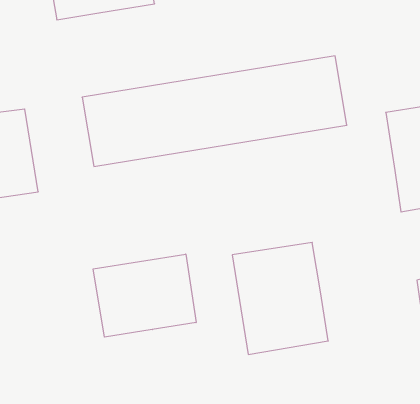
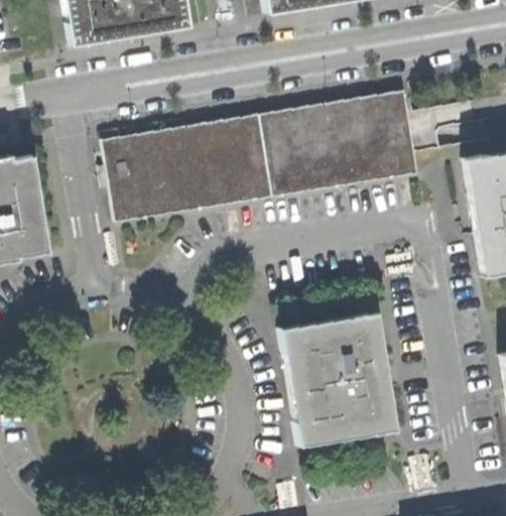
building: [93,254,196,337] -> none

